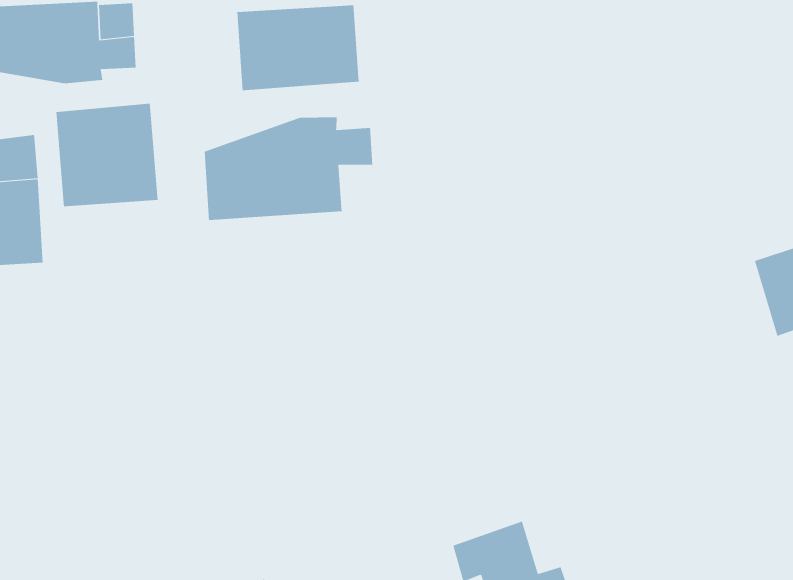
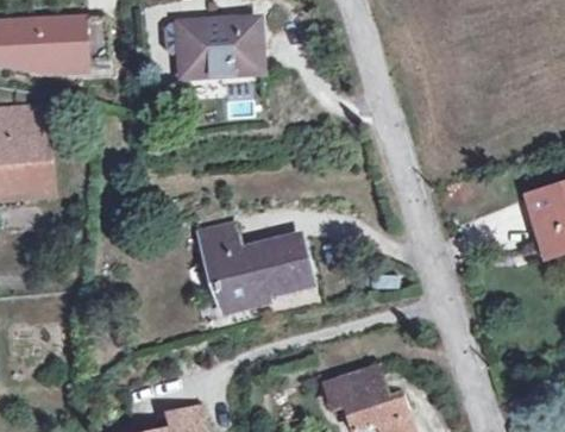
building: [56,103,158,207] -> none
building: [204,117,373,221] -> none
building: none -> [197,224,309,311]

